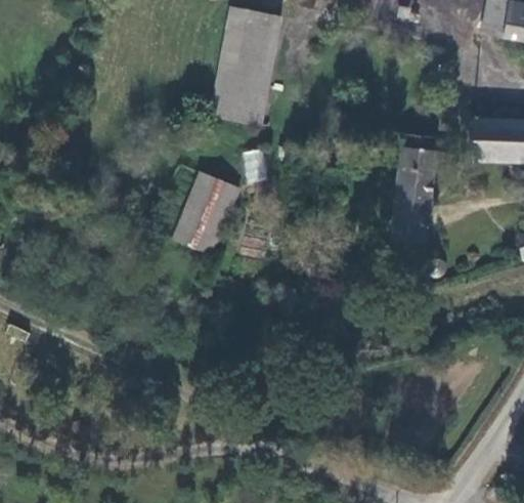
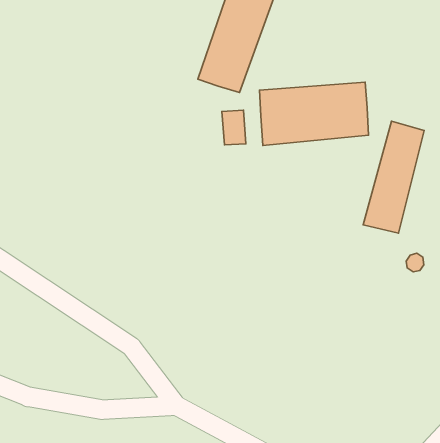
building: none -> [259,82,369,146]
building: [171,170,241,254] -> none

